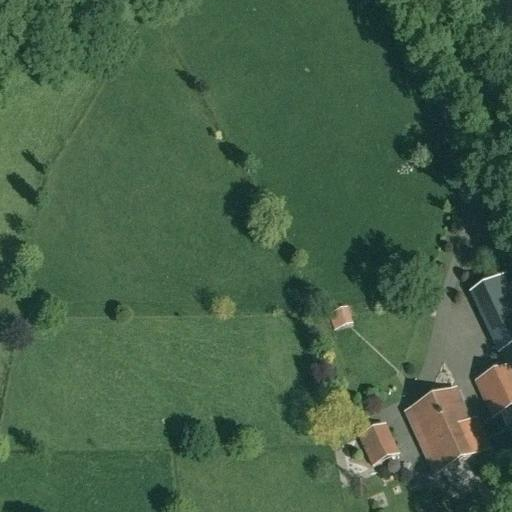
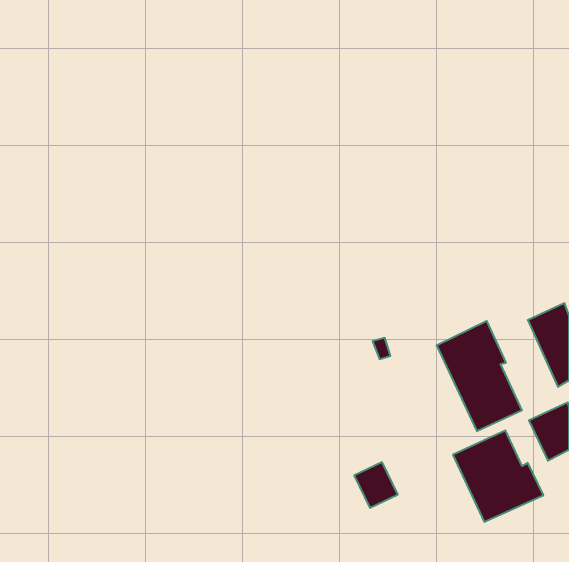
building: none -> [437,321,522,431]
building: [358,420,397,461] -> [354,462,398,508]

